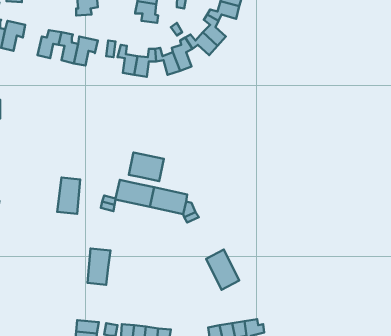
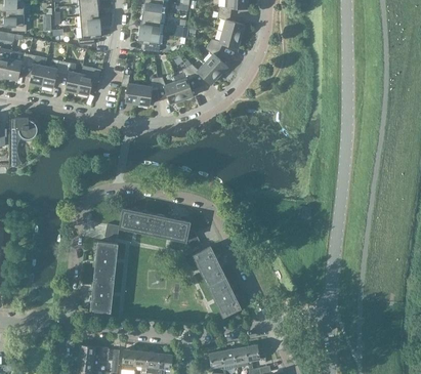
building: none -> [28,54,47,84]
building: none -> [11,117,40,166]
building: [129,152,164,181] -> none
building: [57,177,80,214] -> [94,241,117,277]
building: none -> [193,245,225,285]

